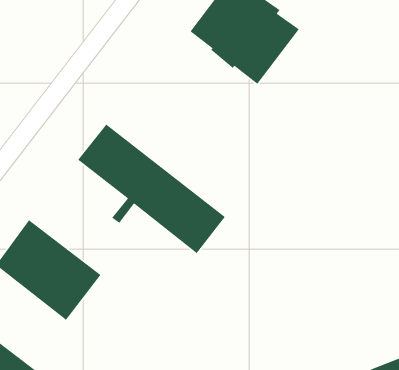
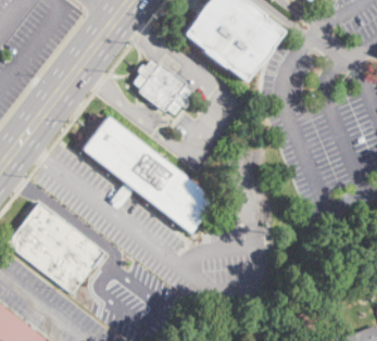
building: none -> [134,61,191,113]

